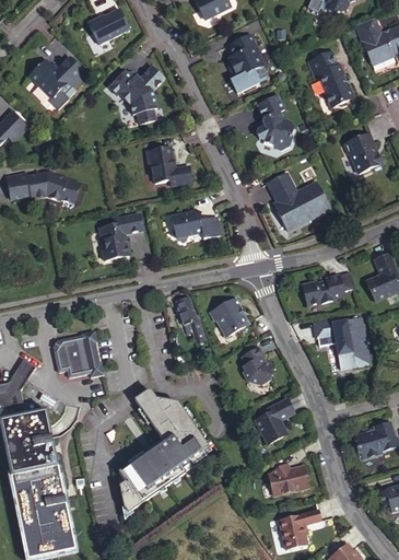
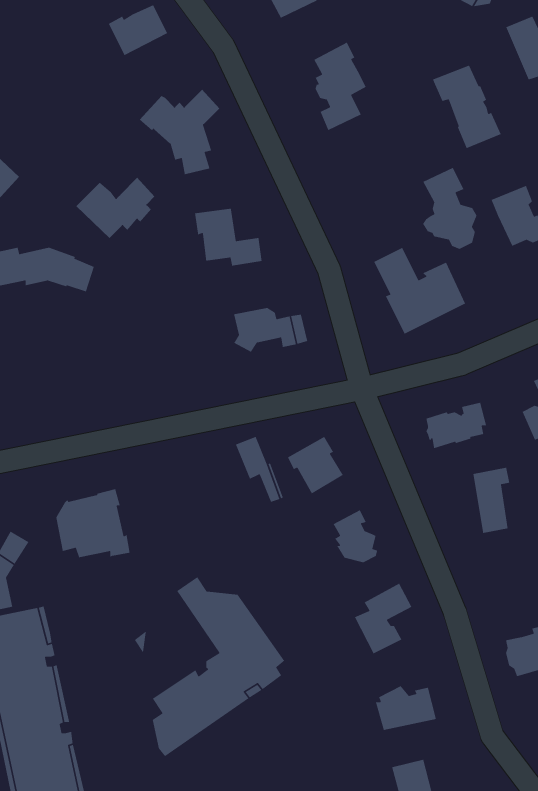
building: [30,55,83,96] -> [75,177,155,239]
building: [256,93,293,149] -> [422,167,478,250]
building: [99,211,143,258] -> none

